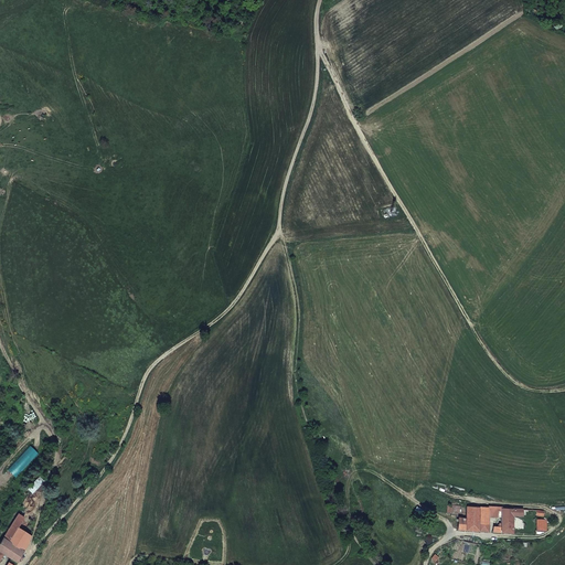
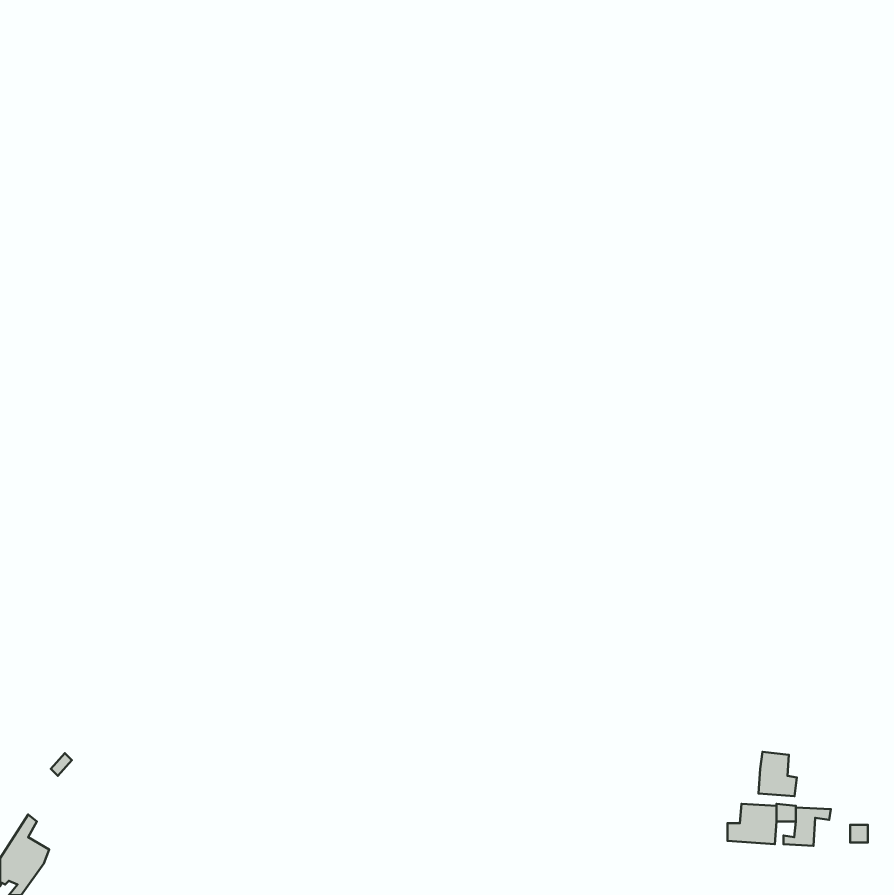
building: none -> [758,752,797,796]

